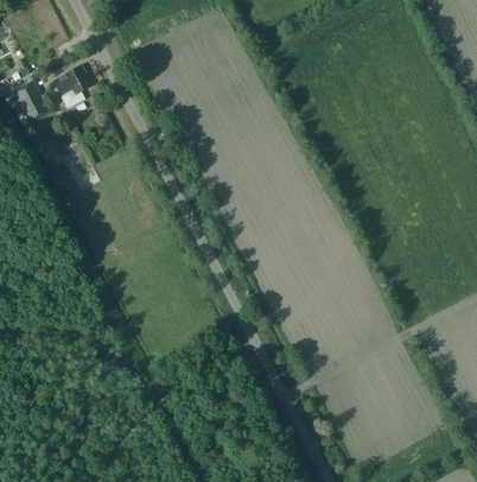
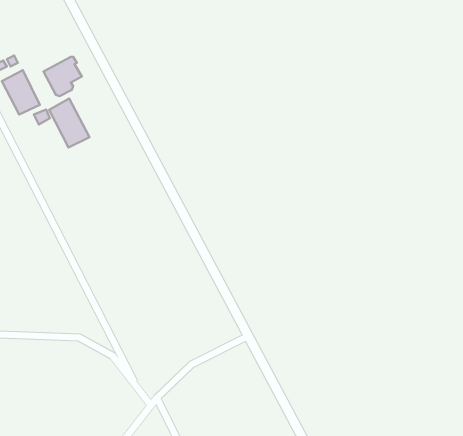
building: none -> [49,99,89,147]

